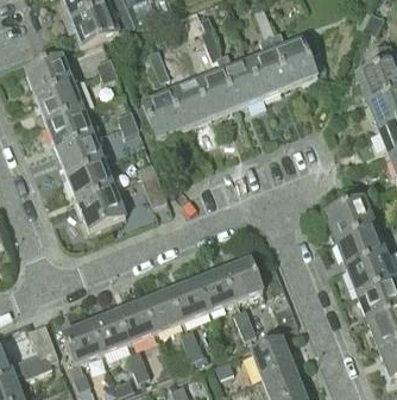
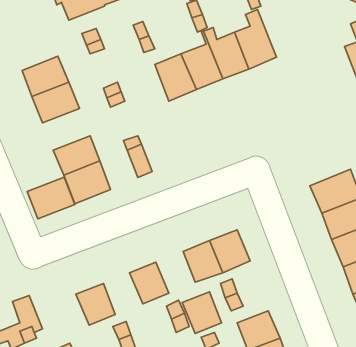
building: [271,33,321,85] -> none
building: [26,56,73,98] -> none
building: [141,92,183,138] -> none
building: [57,136,105,177] -> [27,177,75,219]
building: [170,279,209,320] -> [182,292,221,334]
building: [118,300,157,342] -> none
building: [63,321,103,364] -> none

